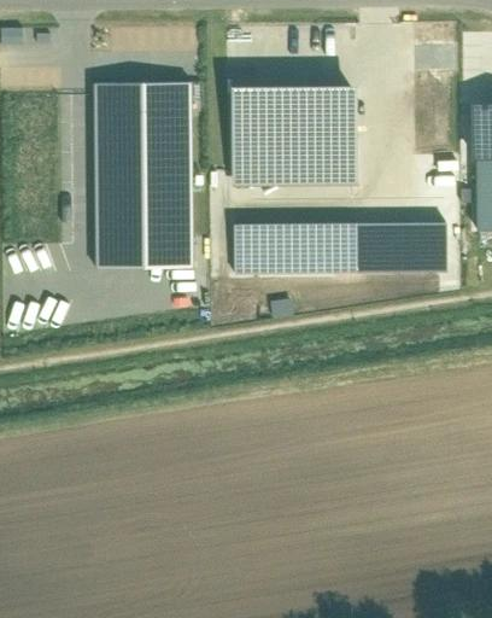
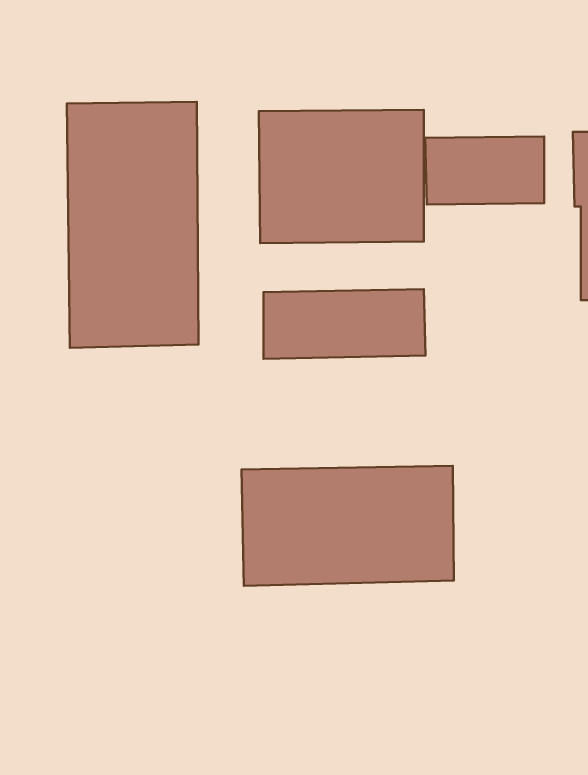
building: [358,221,449,273] -> [425,136,544,205]
building: none -> [241,466,454,586]

